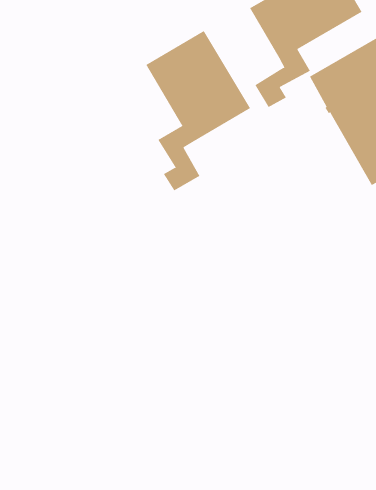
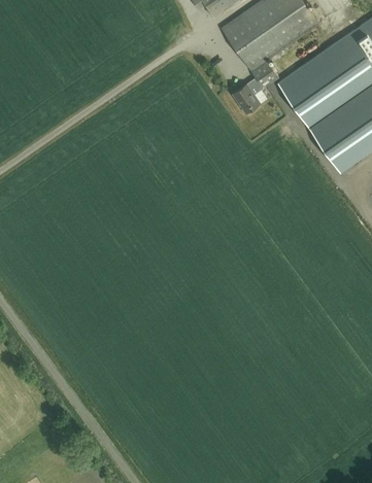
building: [146,30,251,191] -> none

